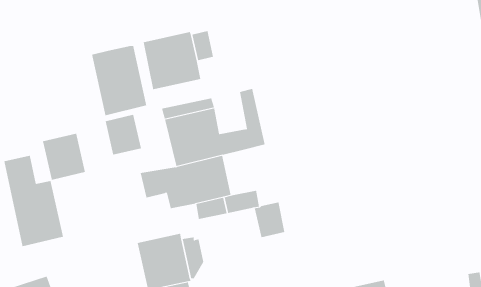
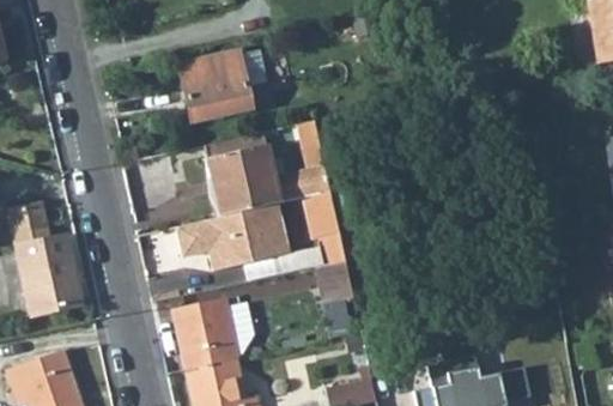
building: [91,45,147,116] -> none
building: [42,133,86,180] -> none
building: none -> [302,189,346,265]

